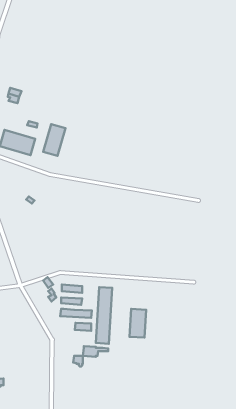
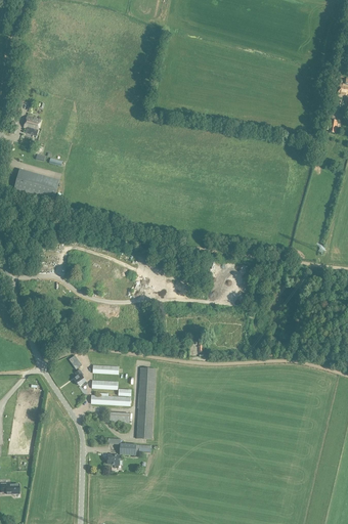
building: [43,124,65,156] -> none
building: [129,309,146,338] -> none

